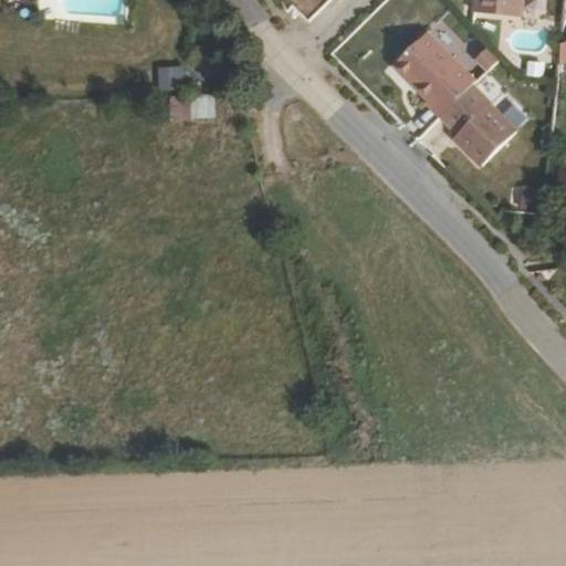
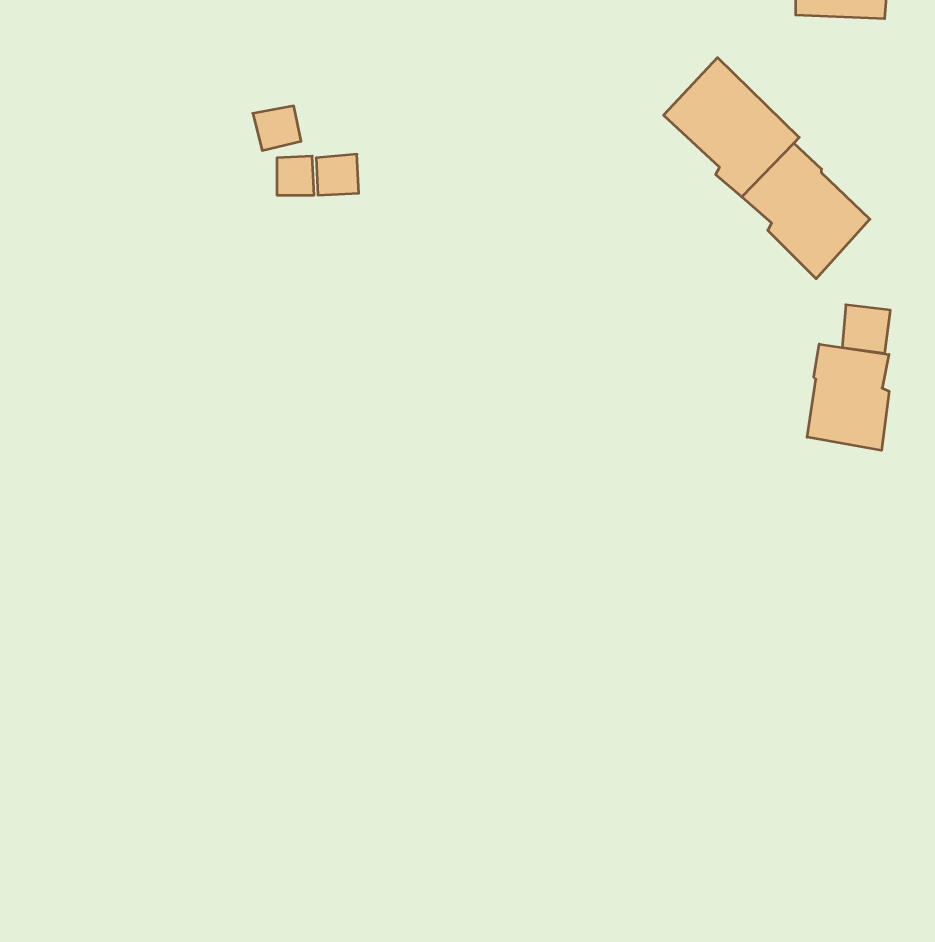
building: none -> [807,344,889,450]

